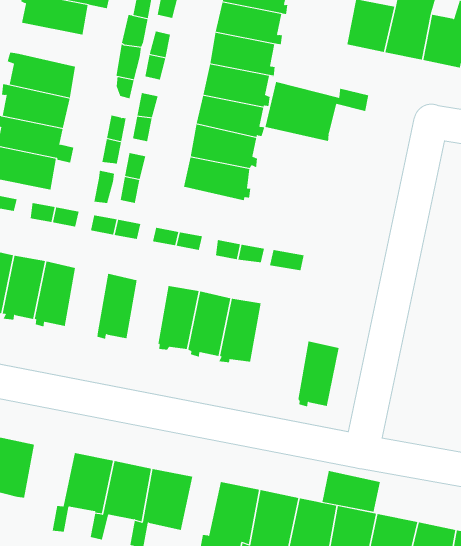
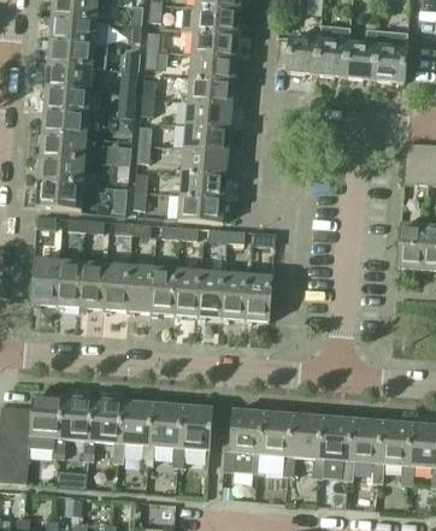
building: none -> [39,87,90,114]
building: [265,81,369,142] -> none
building: none -> [177,194,228,222]
building: none -> [104,264,130,312]
building: none -> [151,267,176,315]
building: [297,341,339,407] -> [244,273,271,323]
building: none -> [82,399,122,460]
building: [322,470,380,512] -> none

